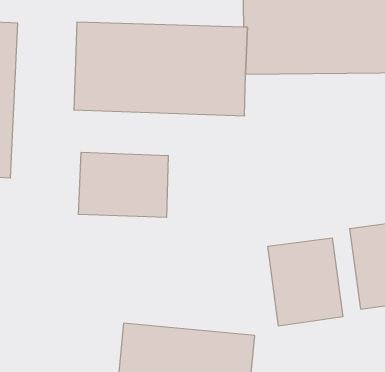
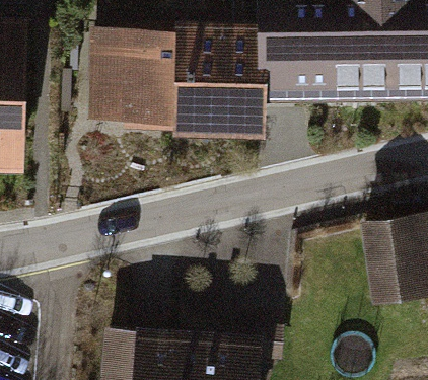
building: [78,152,168,217] -> none
building: [268,238,343,326] -> none

